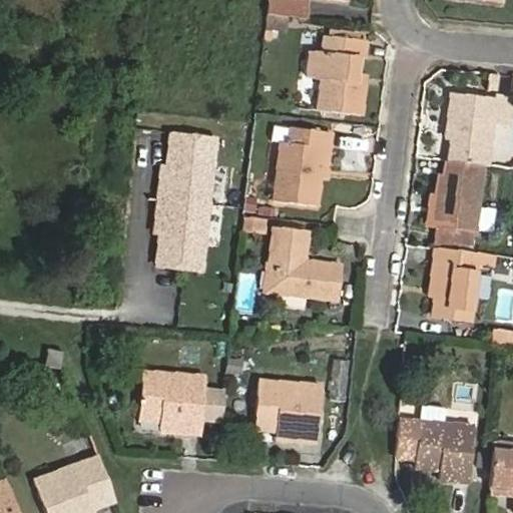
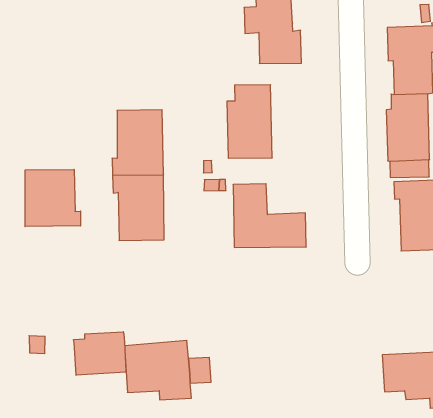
building: none -> [25,169,81,227]
building: none -> [74,332,126,375]
building: [254,381,322,442] -> none

